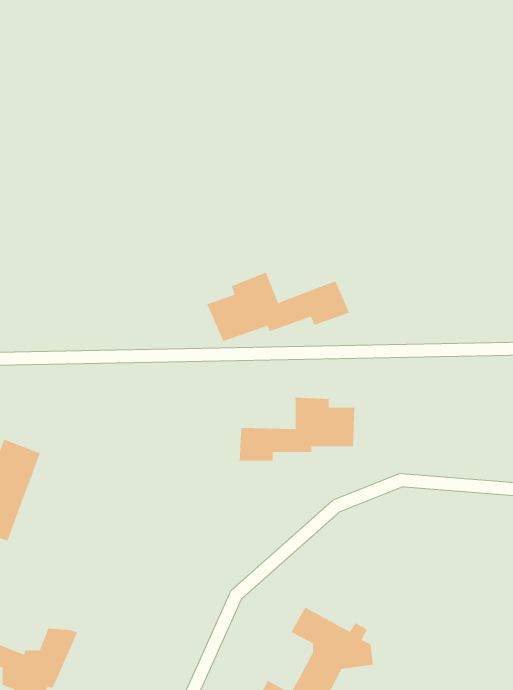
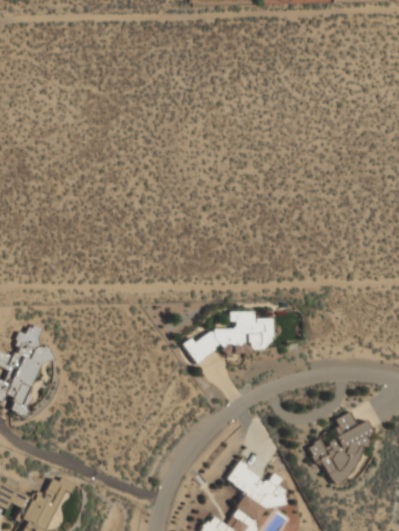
building: [206,271,350,342] -> none
building: none -> [313,412,372,482]

